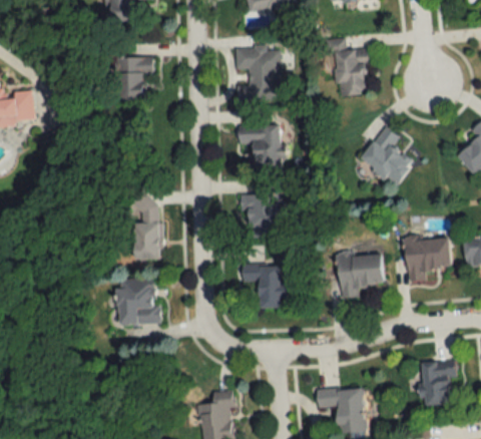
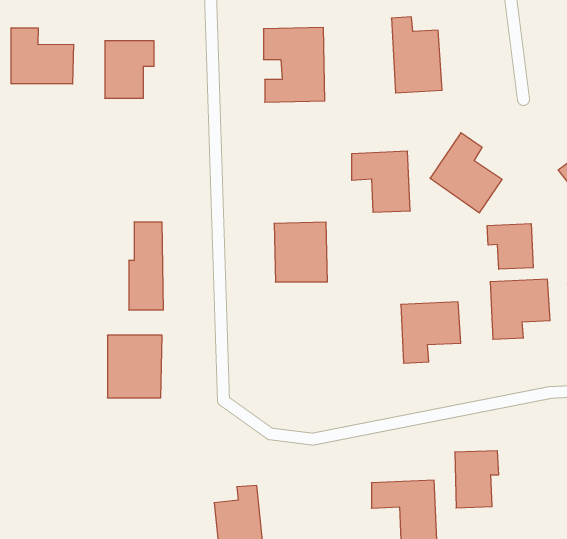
building: none -> [11,28,73,84]
building: [237,123,282,169] -> [352,151,410,212]
building: none -> [487,224,533,269]
building: [242,265,292,308] -> none
building: [422,362,455,405] -> [455,451,499,508]

